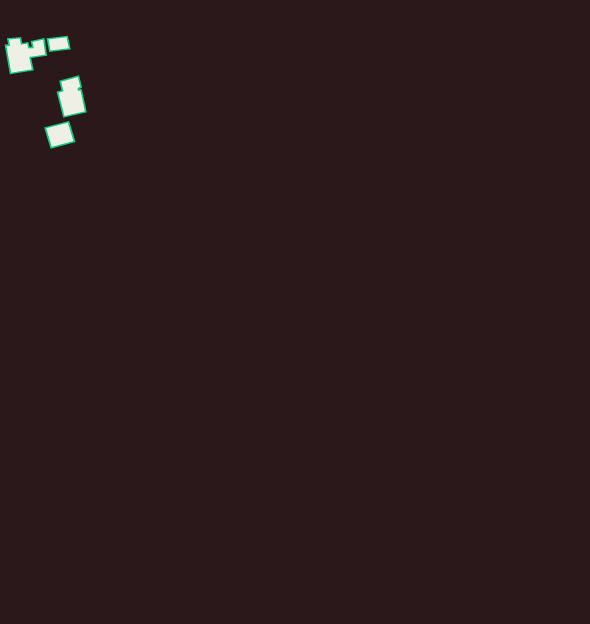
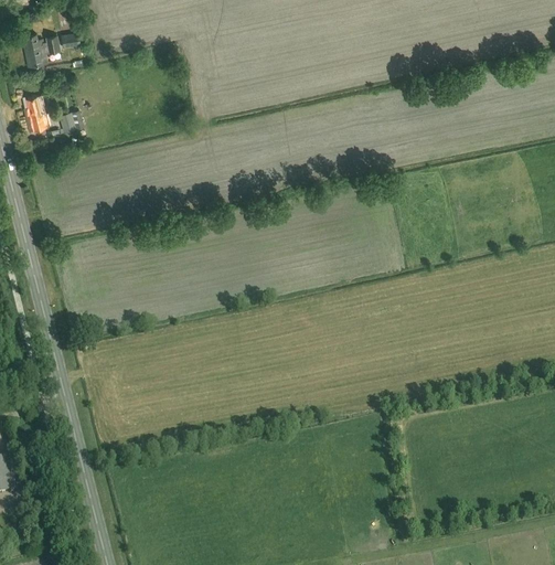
building: [58,76,86,117] -> [24,97,50,134]

